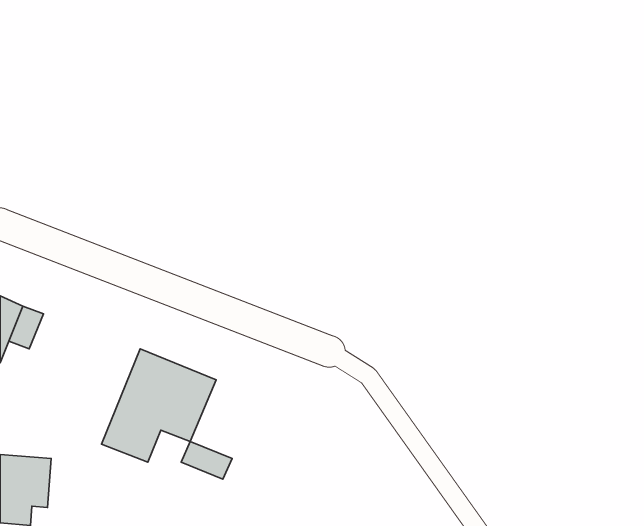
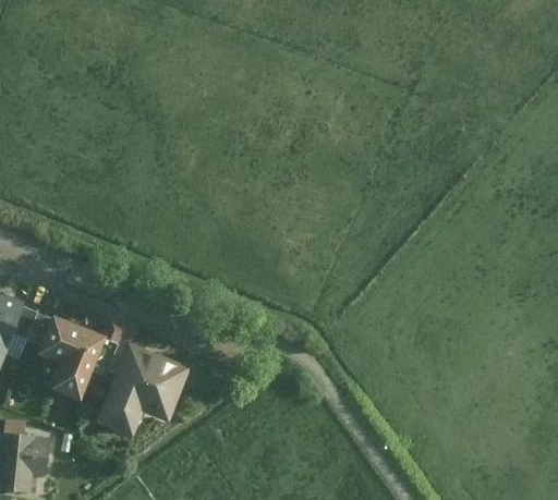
building: none -> [33,313,102,400]
building: [181,442,232,479] -> none

